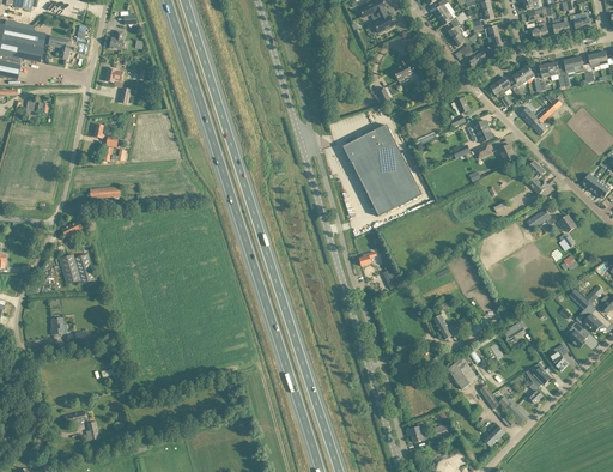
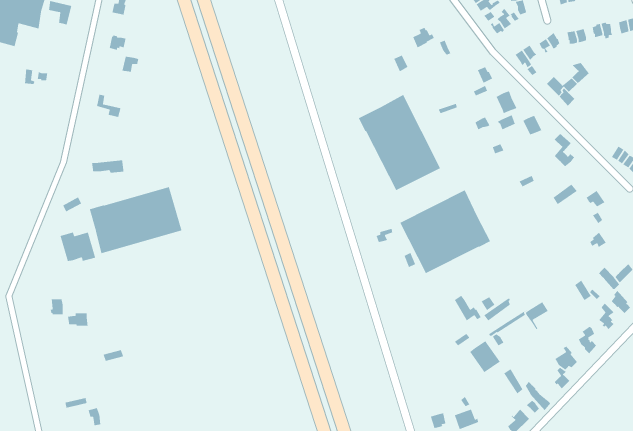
building: none -> [89,186,183,254]
building: none -> [399,189,491,274]

